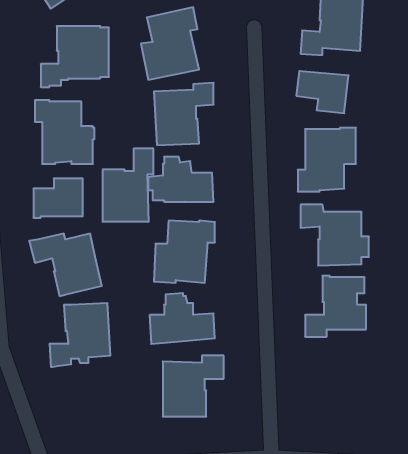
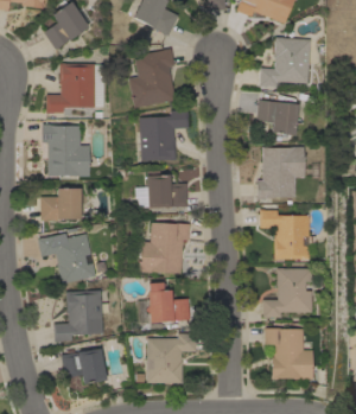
building: [103,148,153,222] -> none
building: none -> [265,327,312,378]
building: none -> [61,348,106,383]

